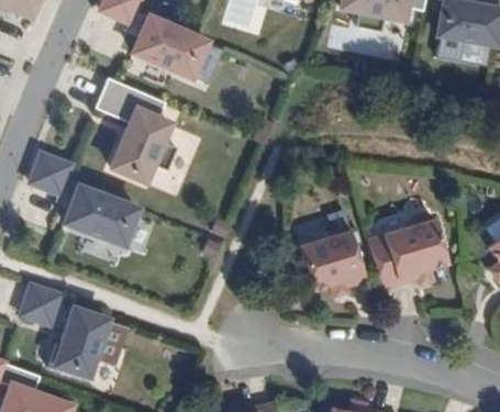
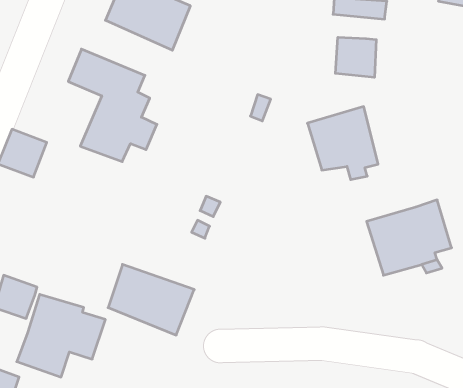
building: none -> [335,37,376,77]
building: [58,181,137,246] -> [108,264,194,335]
building: [295,229,359,296] -> [307,107,378,180]

